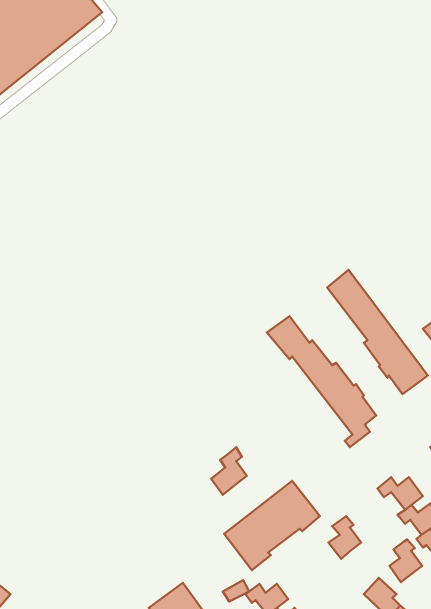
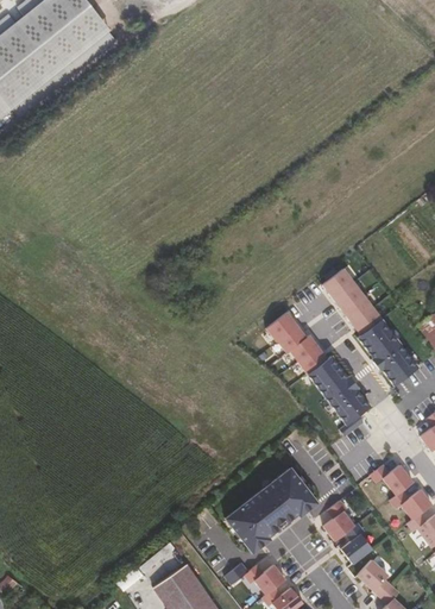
building: [211,447,247,495] -> none
building: [390,539,422,582] -> [342,525,373,565]

